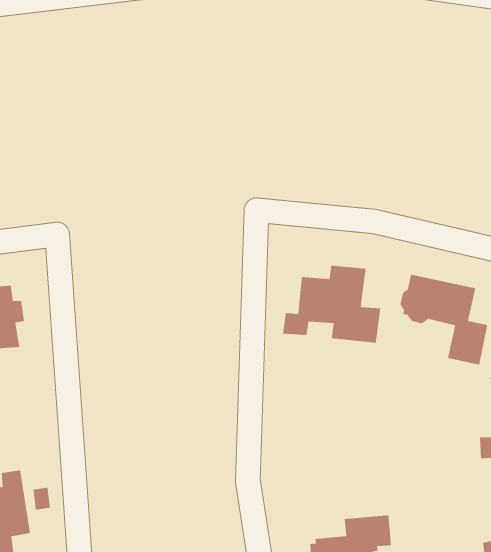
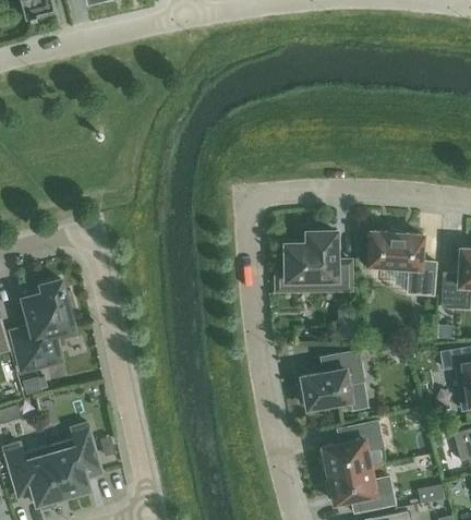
building: none -> [297,350,363,408]

